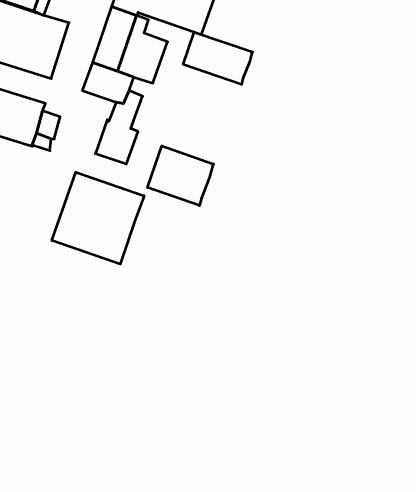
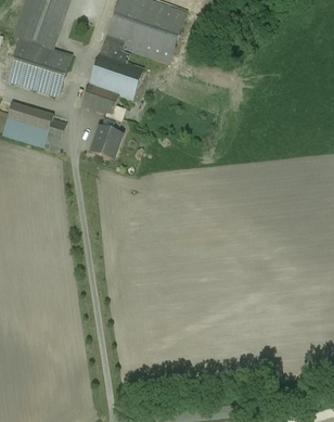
building: [183,32,253,84] -> none
building: [148,146,214,206] -> none
building: [52,172,144,264] -> none

